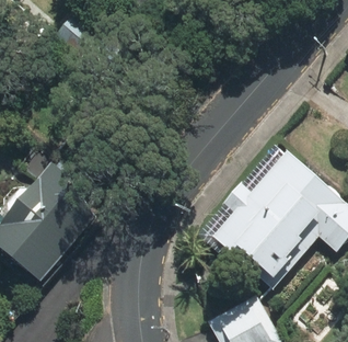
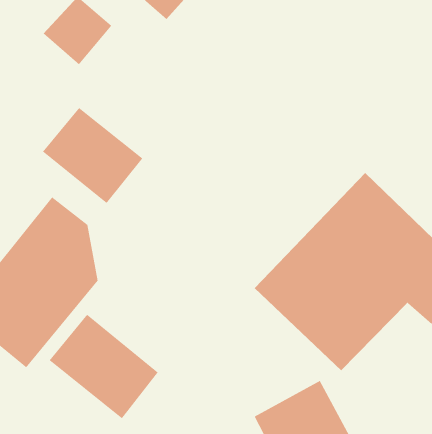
building: none -> [42,107,143,204]
building: none -> [49,314,159,419]

